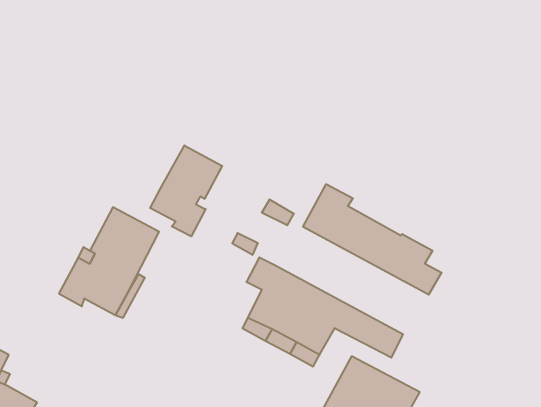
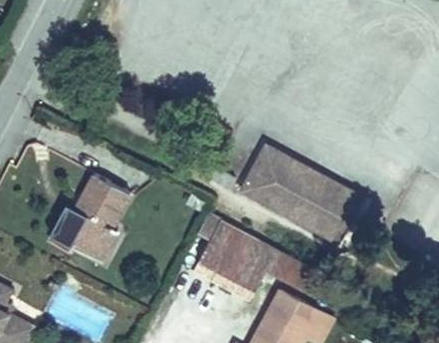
building: [150,145,222,236] -> none
building: none -> [258,145,363,226]

